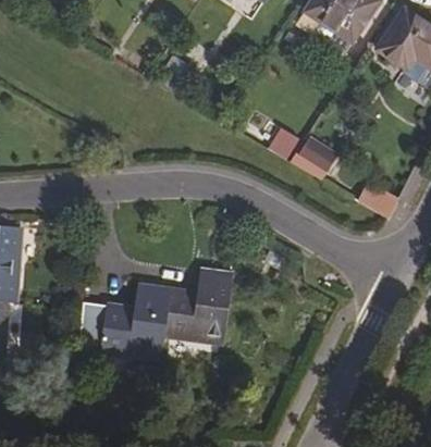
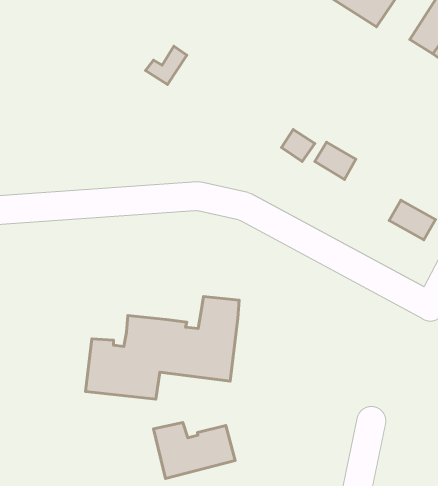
building: none -> [154,422,235,479]

